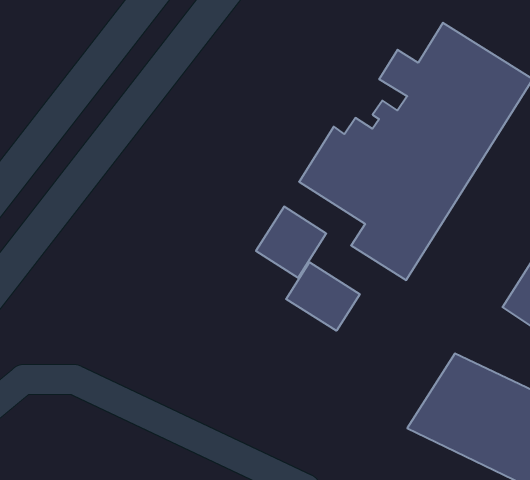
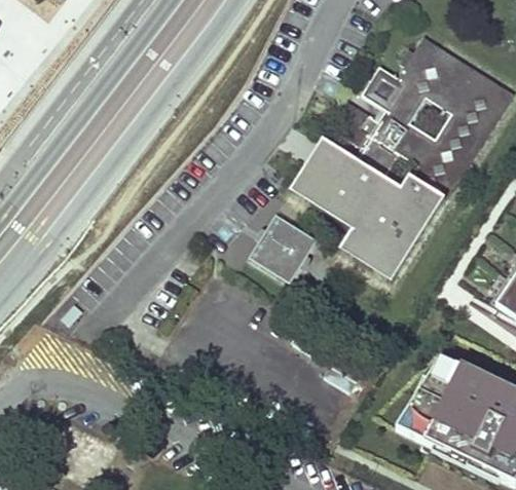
building: [286,262,360,331] -> none

